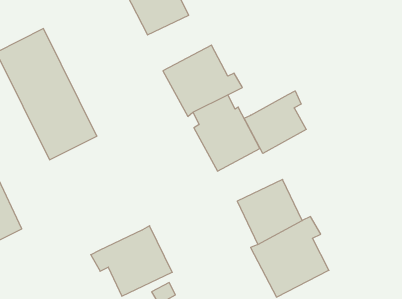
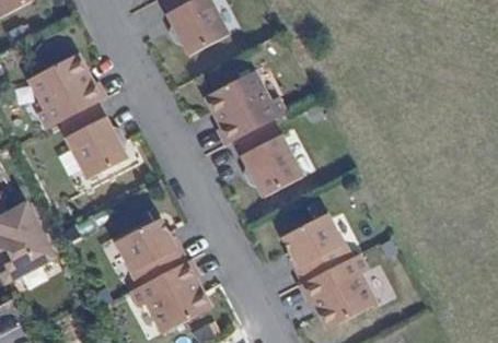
building: [244,91,306,153] -> none
building: none -> [112,215,179,283]

